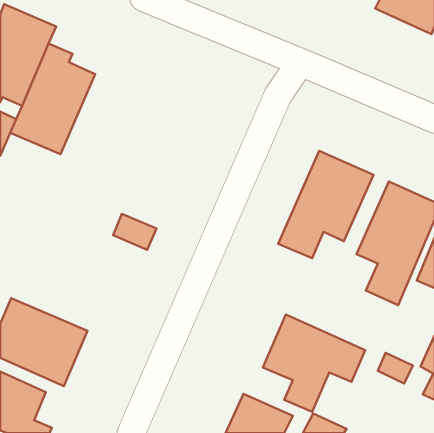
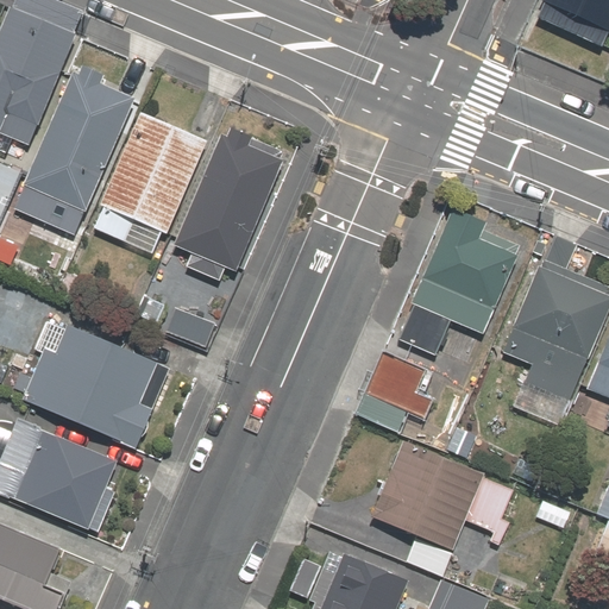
building: none -> [87,107,207,258]
building: none -> [171,125,291,288]
building: none -> [13,310,172,457]
building: none -> [357,350,434,433]

